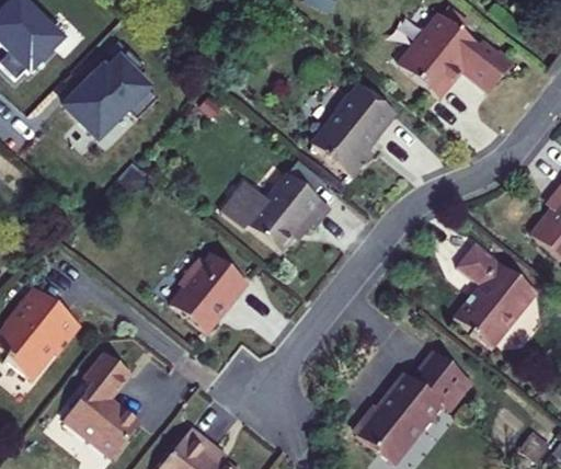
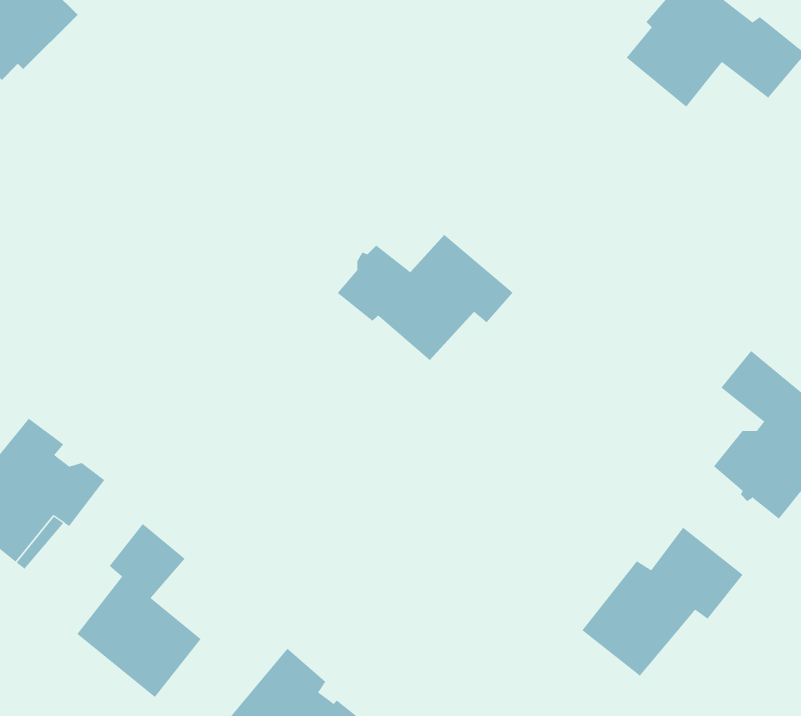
building: [62,53,156,139] -> none
building: [313,83,398,175] -> none
building: [169,255,250,334] -> none
building: [357,415,409,464] -> none

